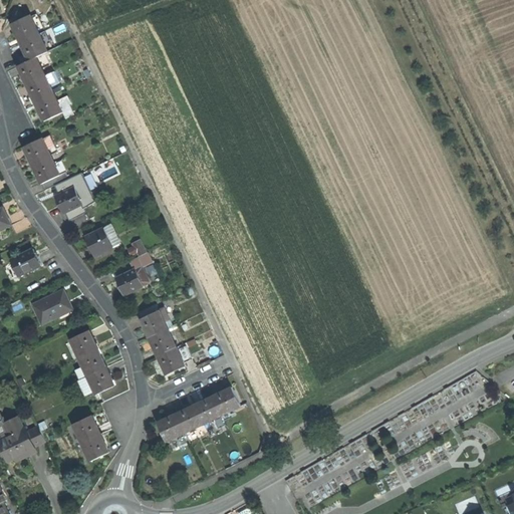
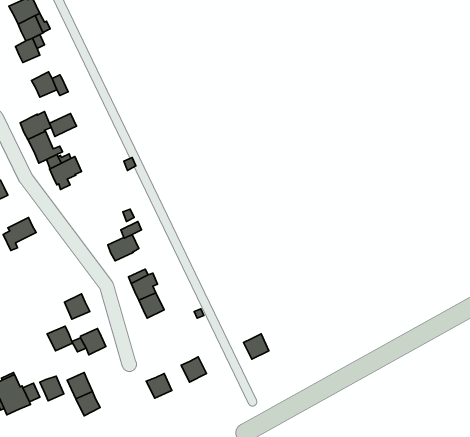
building: [25,70,58,102] -> none
building: none -> [50,114,76,137]
building: [85,222,126,256] -> none
building: [31,291,71,325] -> none
building: [158,344,195,374] -> none
building: [77,349,104,375] -> [47,326,73,351]
building: [212,389,239,416] -> [243,334,269,359]
building: [176,407,203,434] -> none
building: none -> [40,376,64,401]

